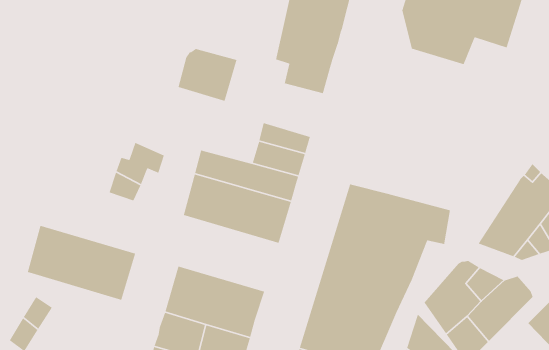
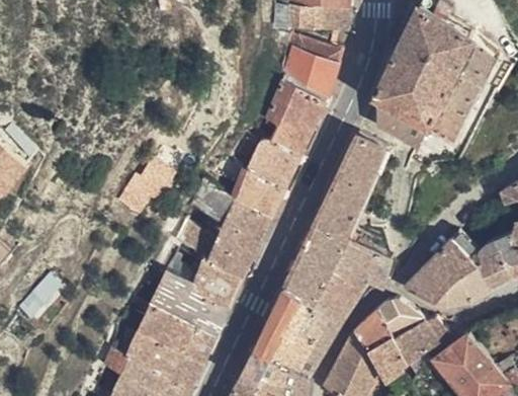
building: [177,48,237,102] -> [252,136,304,182]
building: none -> [314,131,386,238]
building: [27,225,136,301] -> [160,230,250,301]

